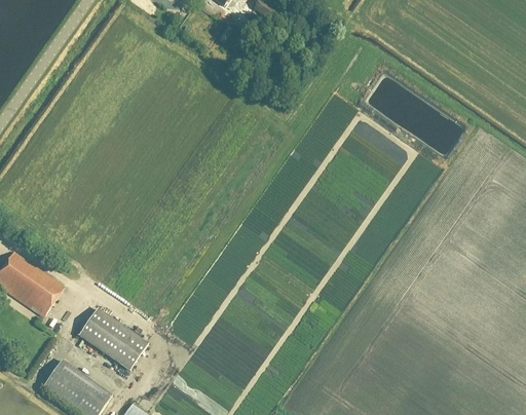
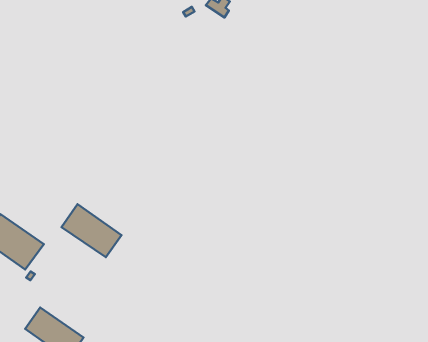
building: [77,308,147,370] -> [62,204,122,257]

